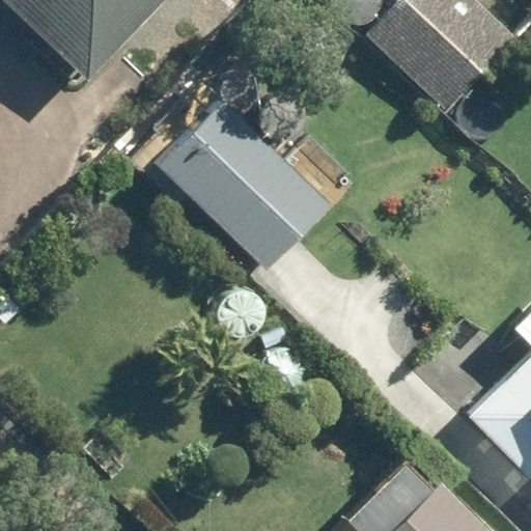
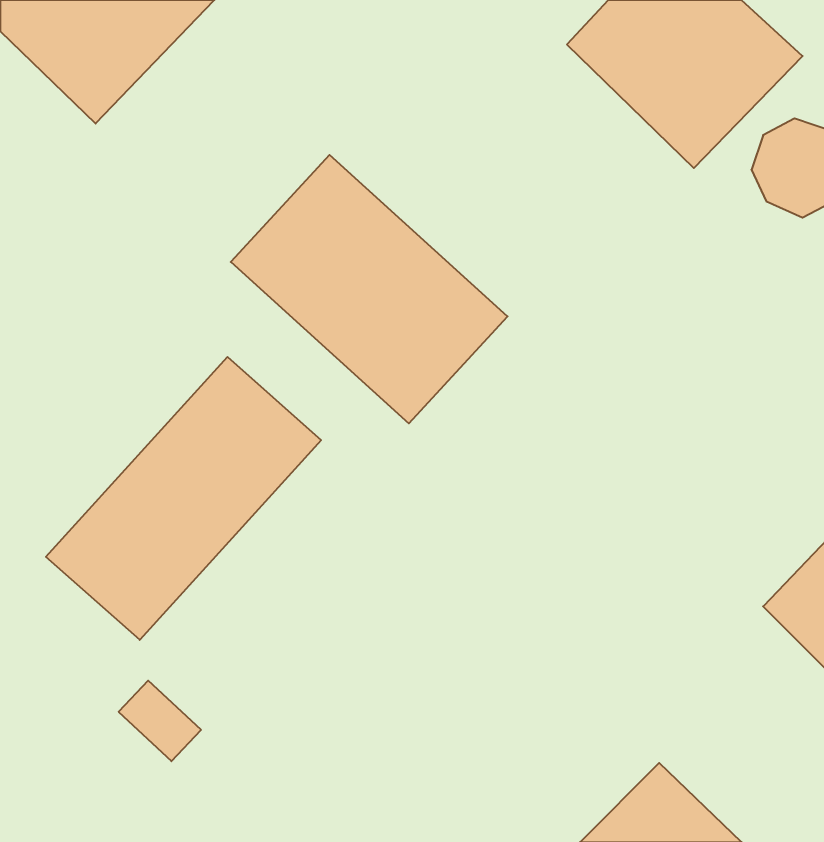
building: none -> [46,357,321,640]

